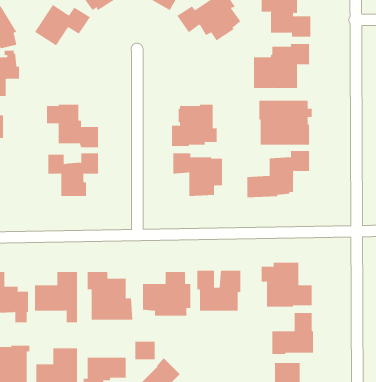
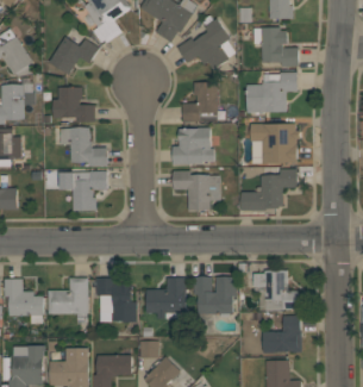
building: none -> [183,82,218,123]
building: none -> [52,87,95,123]

